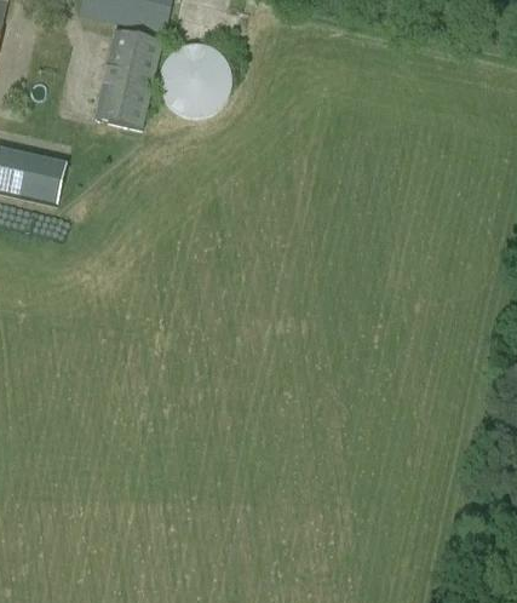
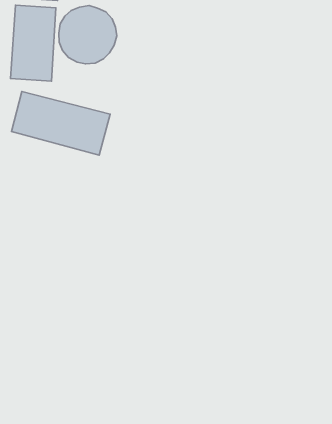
building: none -> [12,91,110,155]

